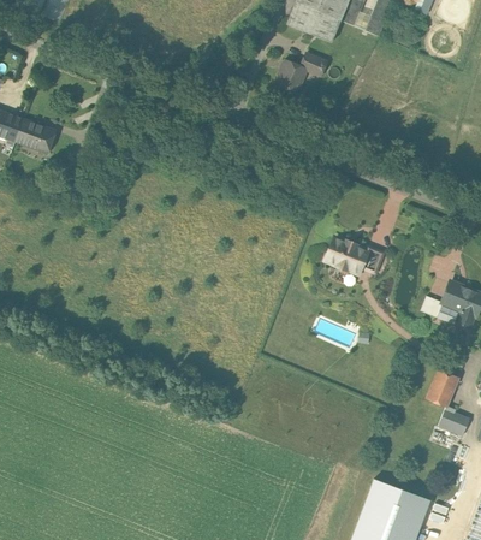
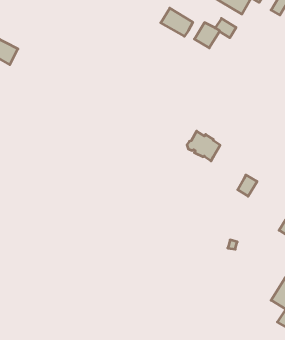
building: none -> [161,8,193,36]
building: [325,237,367,272] -> [187,131,220,161]

